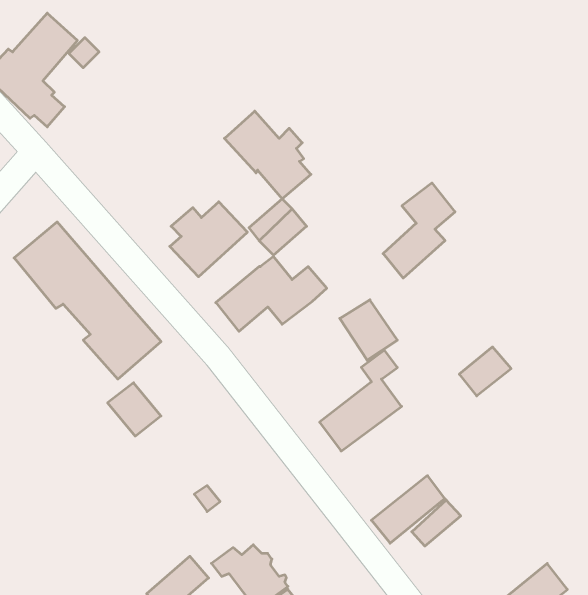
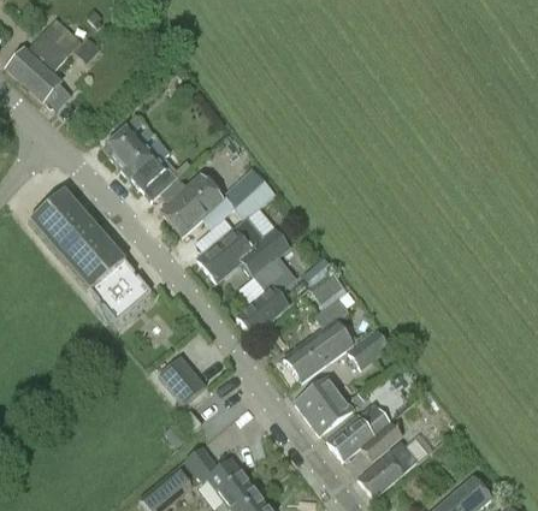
building: [224,111,311,199] -> [104,126,176,200]
building: [383,183,455,278] -> [237,256,297,335]
building: [459,347,511,396] -> [347,328,390,369]
building: [108,383,161,436] -> [160,360,205,404]
building: none -> [294,379,353,433]
building: none -> [359,440,416,495]

